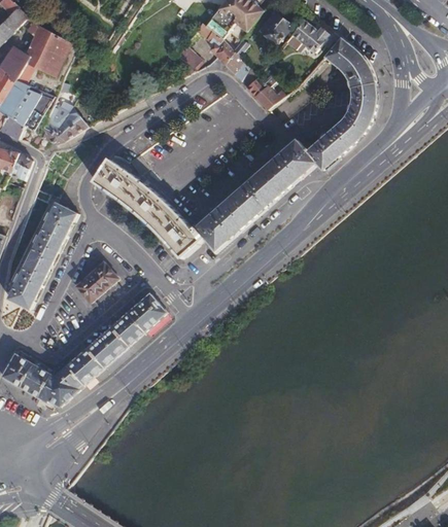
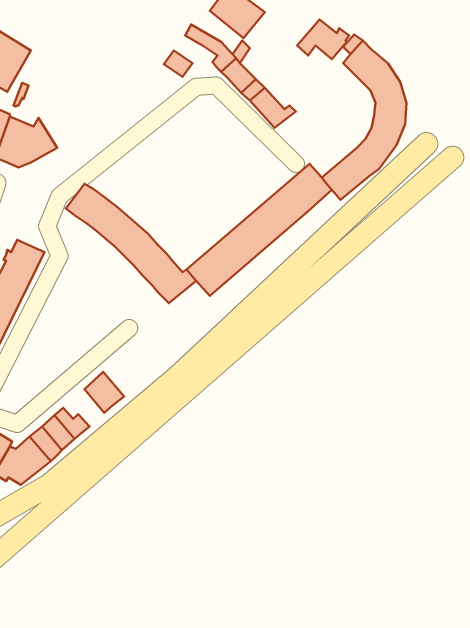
building: [262,13,291,46] -> none
building: [73,261,116,304] -> none
building: [126,293,166,332] -> none
building: [93,326,127,357] -> none

